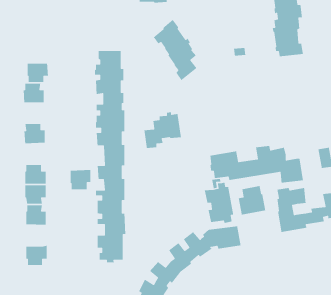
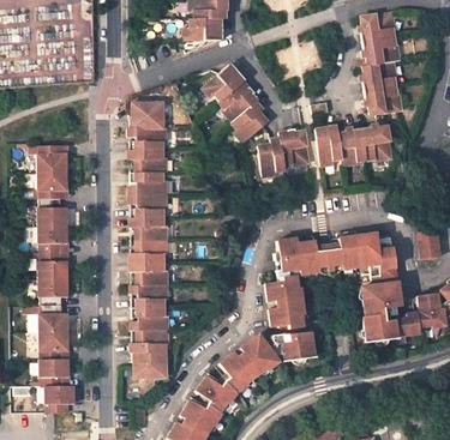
building: [27,63,49,83] -> [34,171,62,198]
building: none -> [312,122,390,163]
building: [143,111,182,149] -> [253,125,304,174]
building: [70,169,91,190] -> [35,224,62,252]
building: [238,185,266,215] -> none
building: none -> [36,331,64,358]
building: none -> [42,385,70,411]

